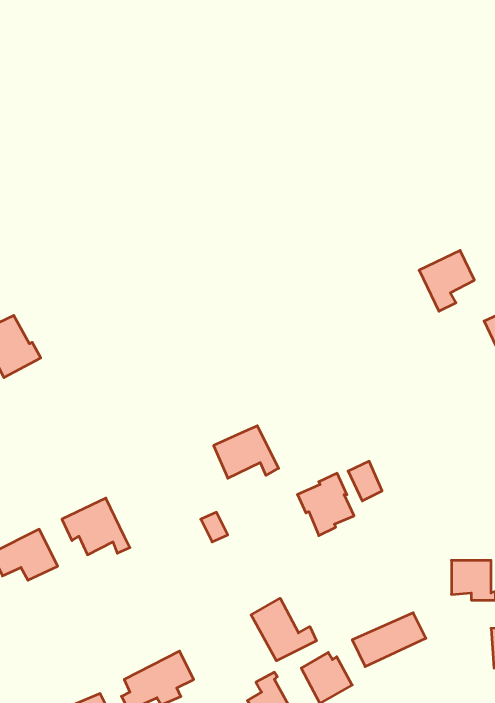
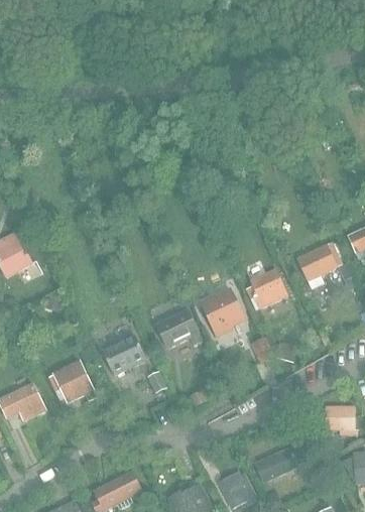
building: [419,250,474,311] -> [297,245,337,288]
building: none -> [246,269,287,308]
building: none -> [102,336,146,375]
building: [297,473,354,536] -> [204,289,244,334]
building: [251,598,316,661] -> none

